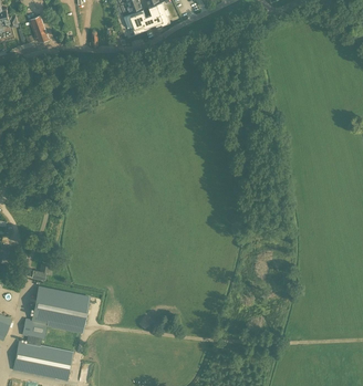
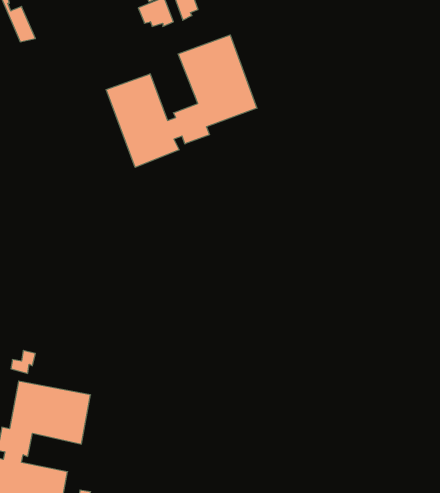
building: none -> [106,35,257,167]

